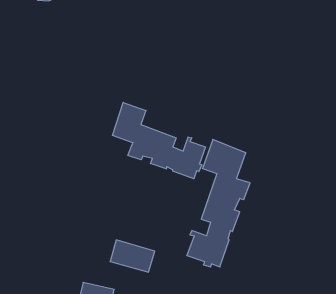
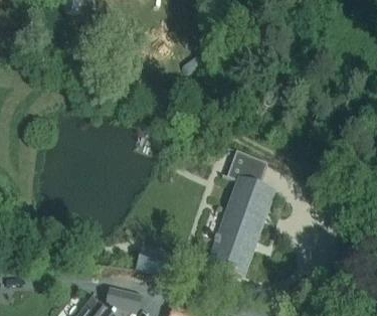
building: [113,102,206,179] -> none

